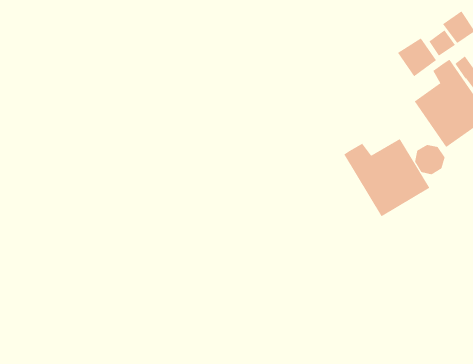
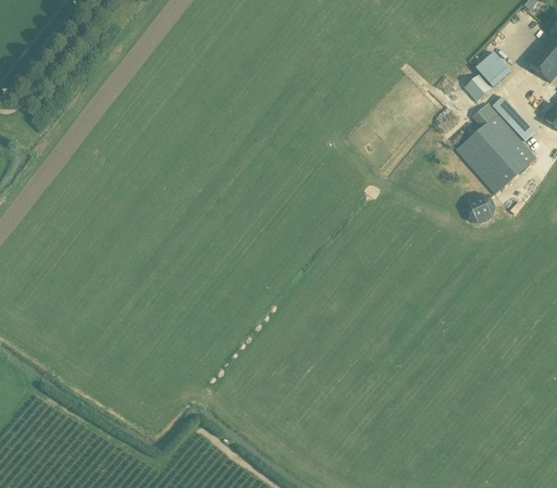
building: [397,37,437,77] -> none
building: [344,138,430,217] -> none

